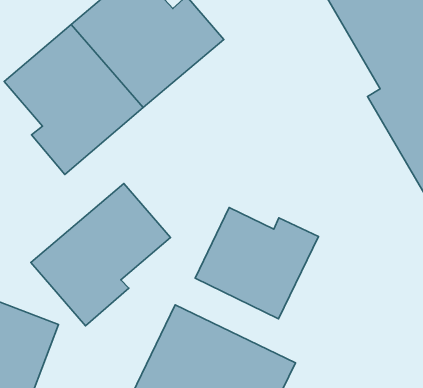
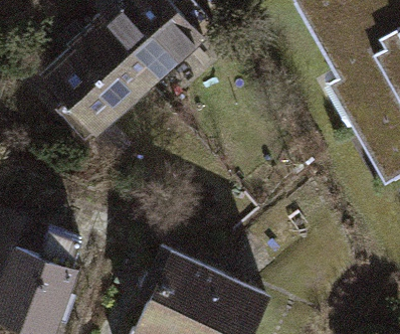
building: [31,184,170,326] -> none
building: [195,207,318,319] -> none

